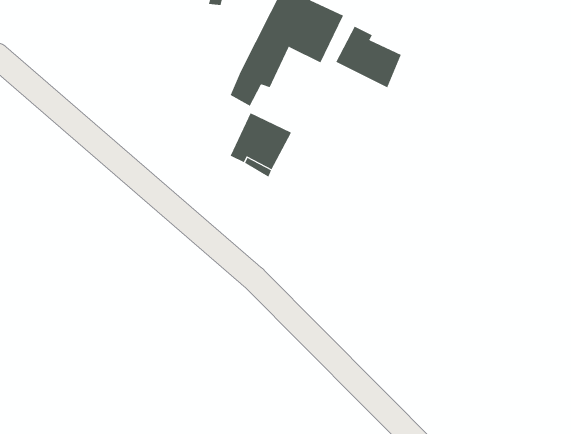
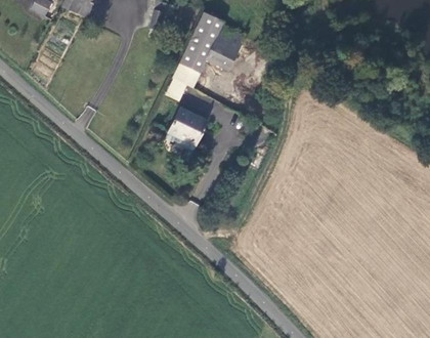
building: [335,26,402,88] -> none

